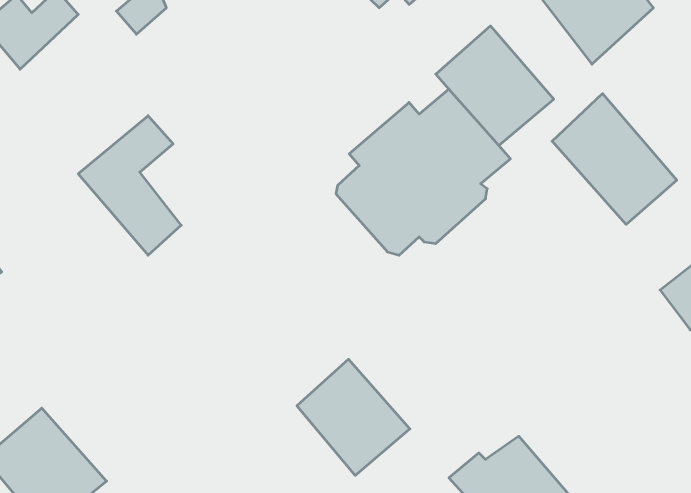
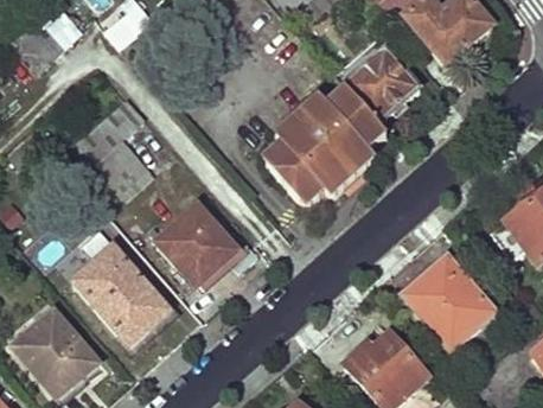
building: [552,94,677,224] -> none
building: none -> [69,246,160,346]
building: none -> [405,257,498,348]
building: [297,359,410,475] -> [155,203,236,286]

